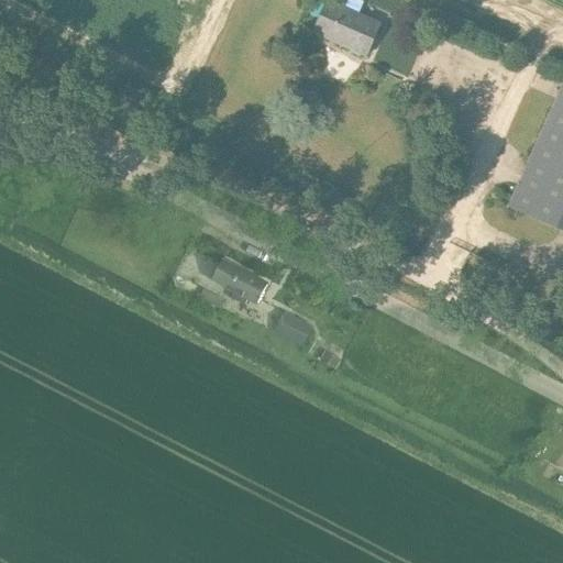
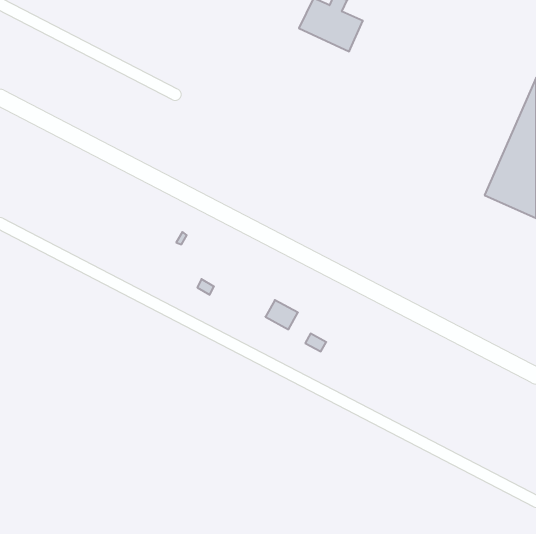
building: [213,260,269,305] -> none

